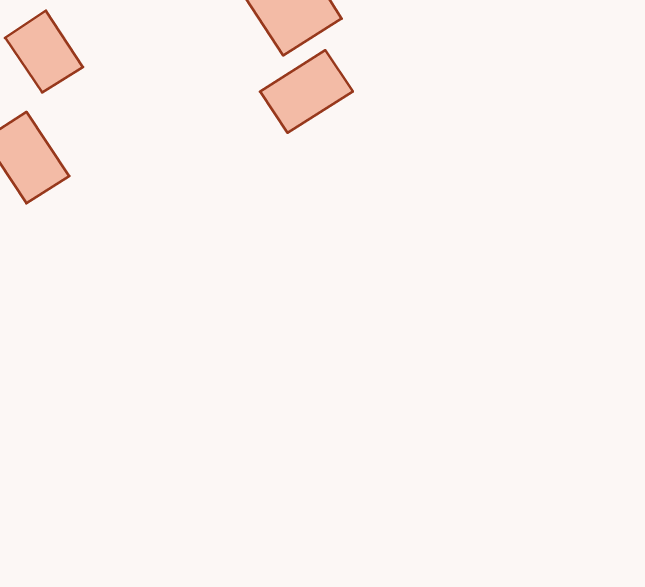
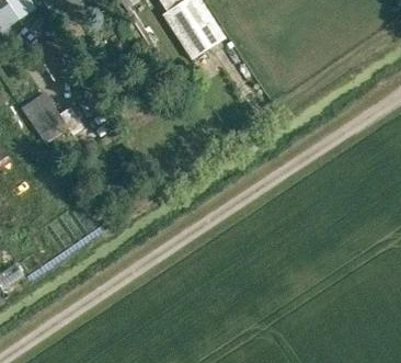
building: [260,50,353,133] -> none

